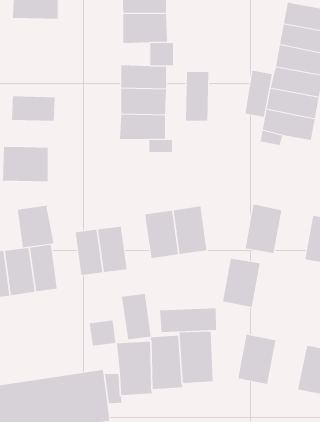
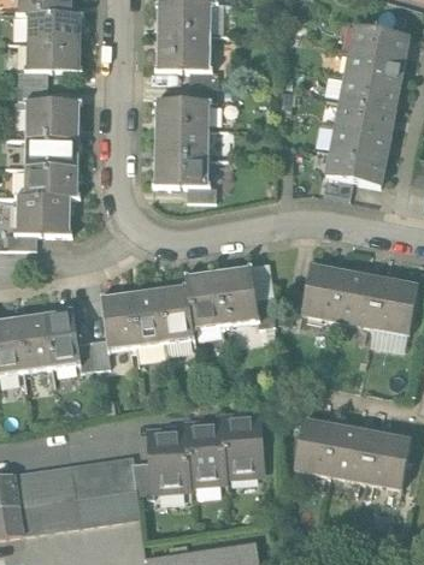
building: none -> [25,41,81,70]
building: none -> [25,97,78,135]
building: [245,70,272,118] -> none
building: [185,71,209,122] -> none
building: none -> [24,162,76,195]
building: [17,205,54,248] -> none
building: [222,258,261,308] -> [337,269,383,328]
building: [121,294,152,340] -> [155,285,192,340]
building: [159,307,217,333] -> none
building: [89,320,116,346] -> [77,340,110,371]
building: none -> [330,424,376,483]

